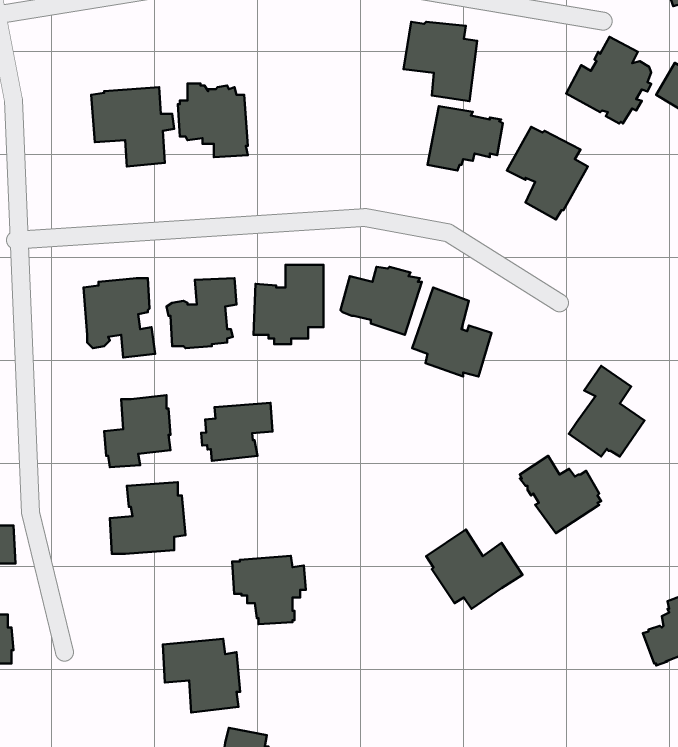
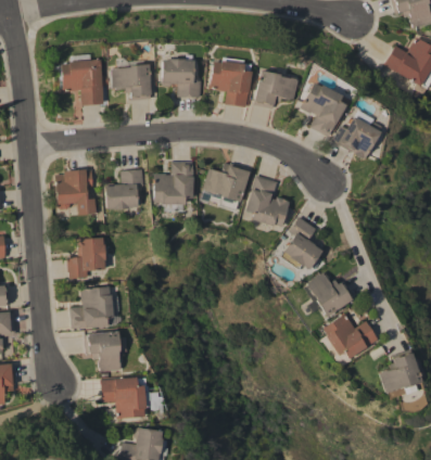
building: [404,22,477,101] -> [208,61,251,106]
building: [566,37,651,124] -> [332,108,381,158]
building: none -> [161,59,201,97]
building: [569,366,645,457] -> [281,217,325,269]
building: [201,403,273,461] -> none
building: [426,530,522,609] -> [322,312,378,358]
building: [232,556,306,624] -> [86,331,128,370]

